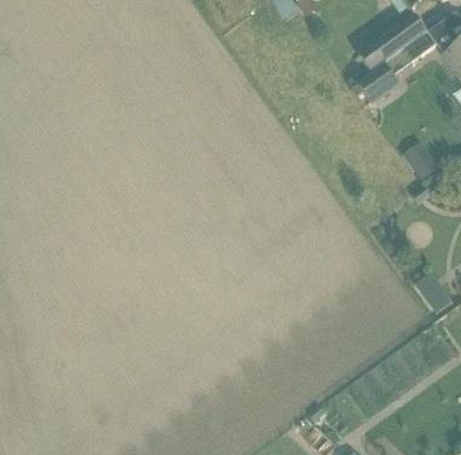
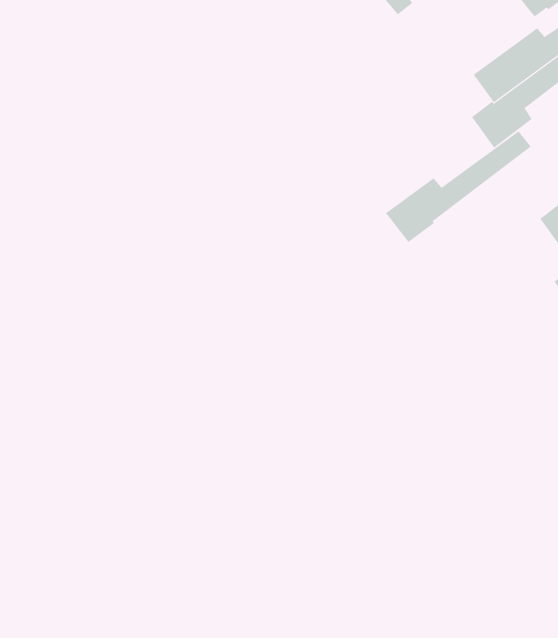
building: none -> [385,131,532,243]

